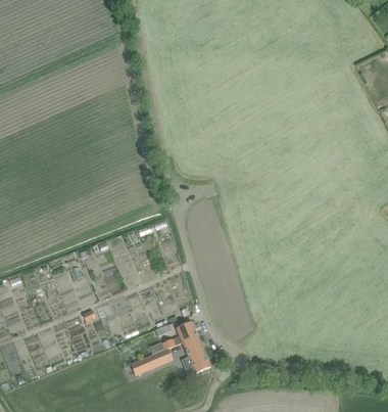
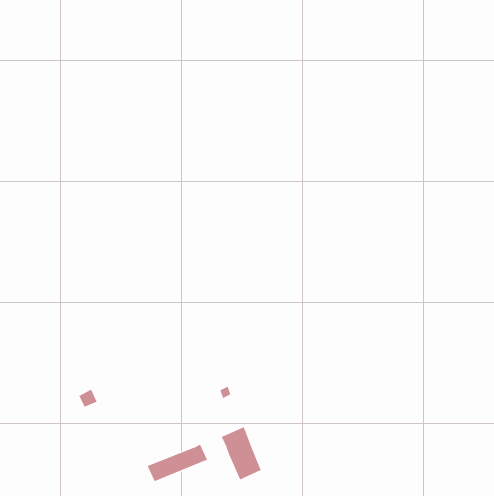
building: [160,321,197,350] -> none

